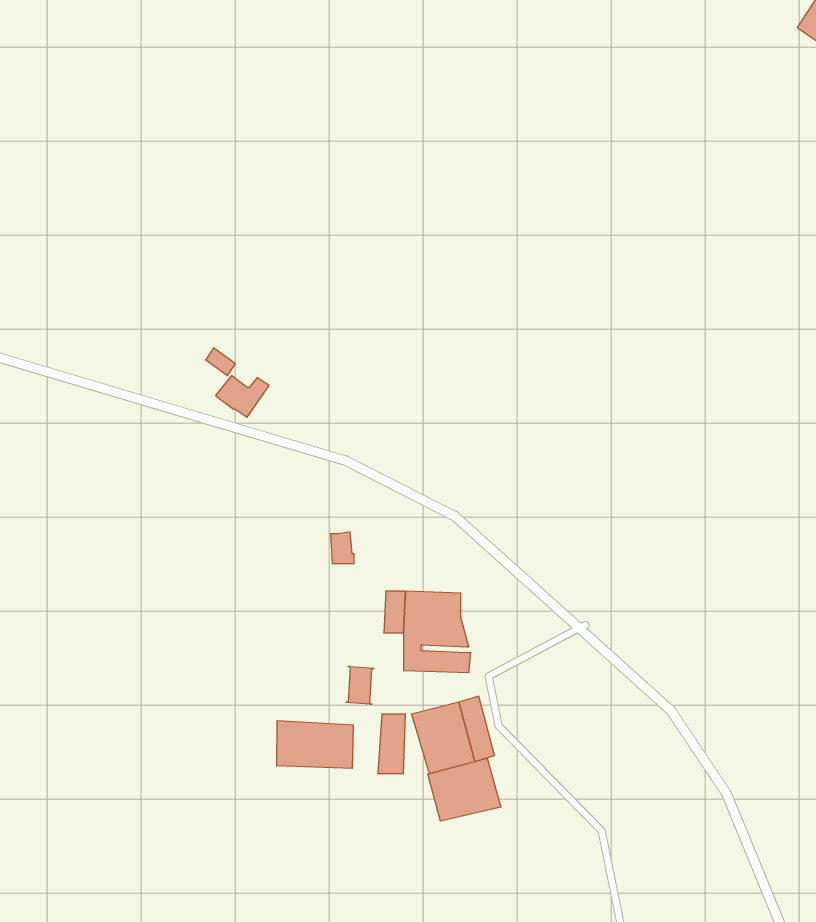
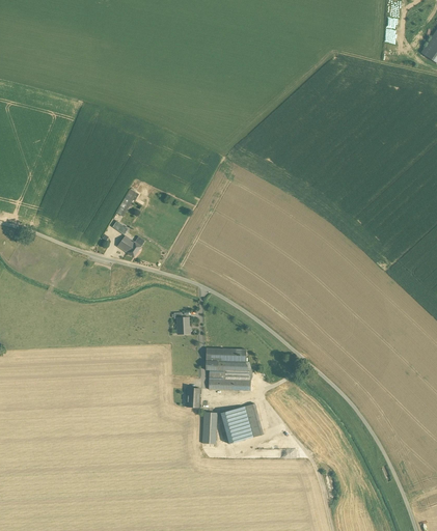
building: [277,721,353,768] -> none
building: [428,758,501,821] -> none

